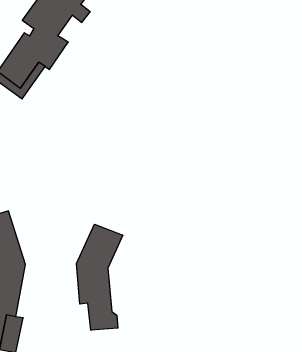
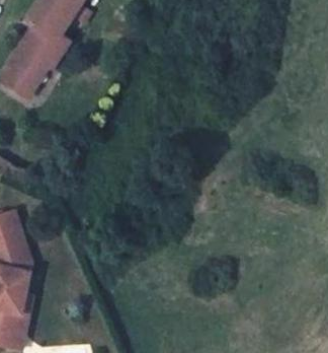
building: [76,224,123,330] -> none

